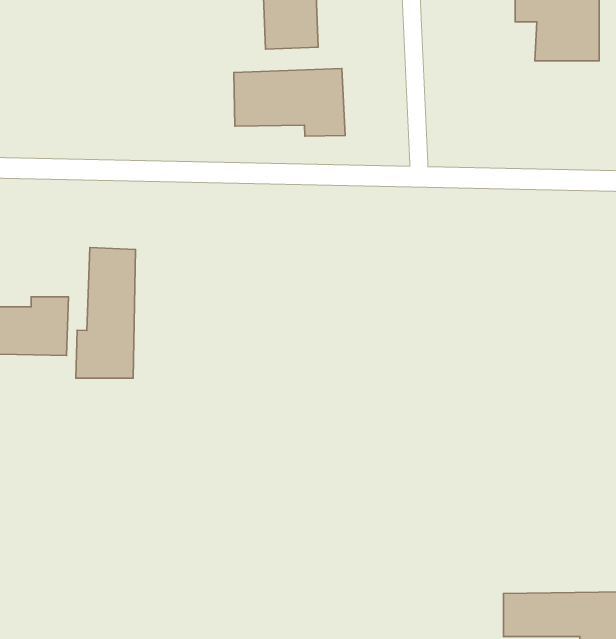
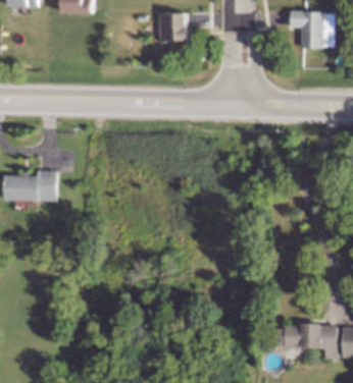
building: [234,69,345,136] -> none
building: [76,248,136,378] -> none

